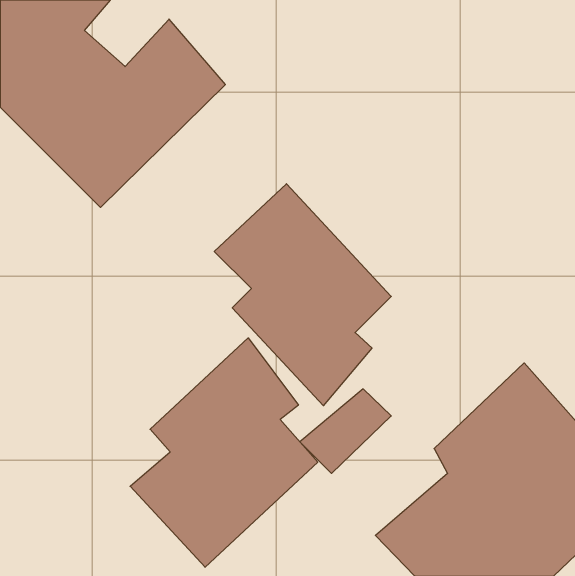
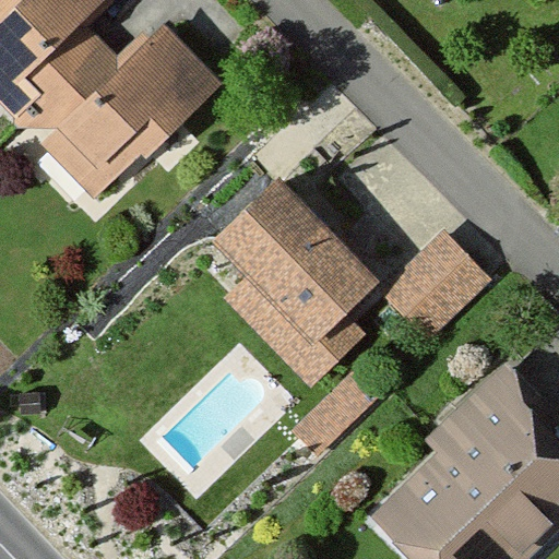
building: none -> [380,229,496,343]
building: [130,338,318,567] -> none

